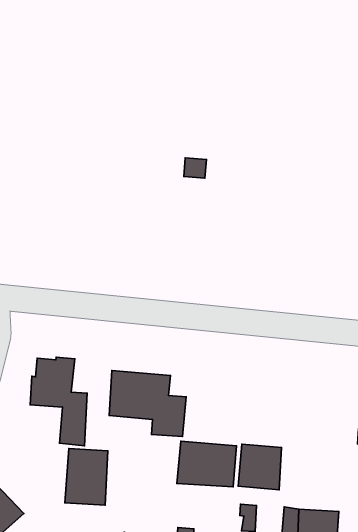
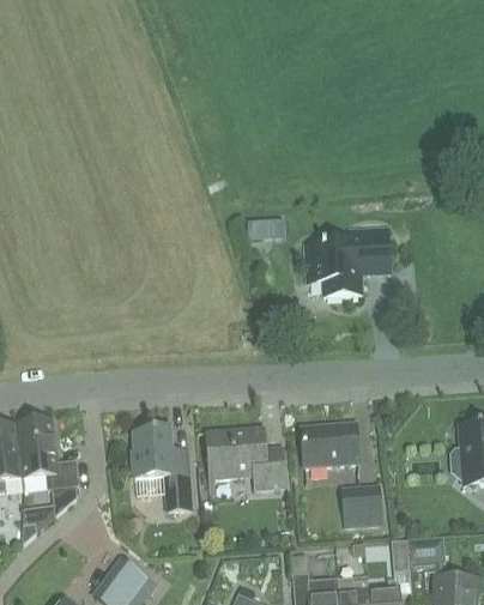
building: none -> [307,226,389,294]
building: [177,441,237,487] -> [302,423,358,467]
building: [65,449,108,505] -> none

